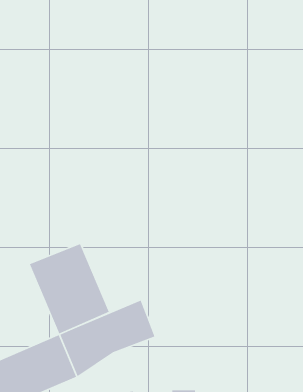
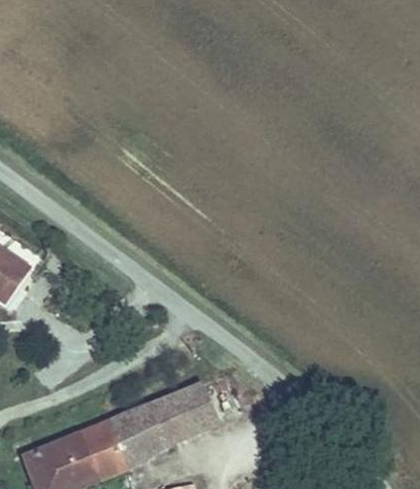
building: [29,243,110,334] -> none

